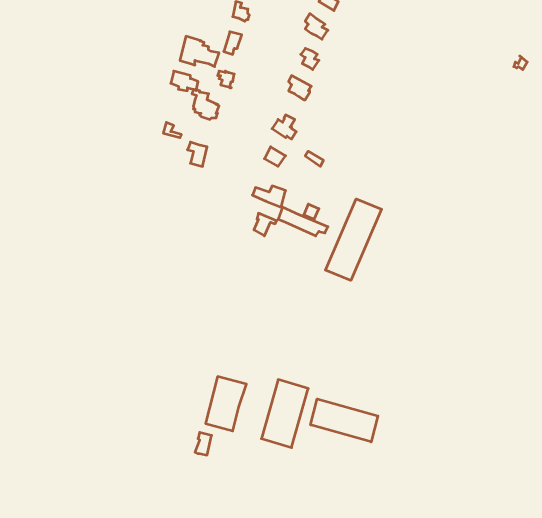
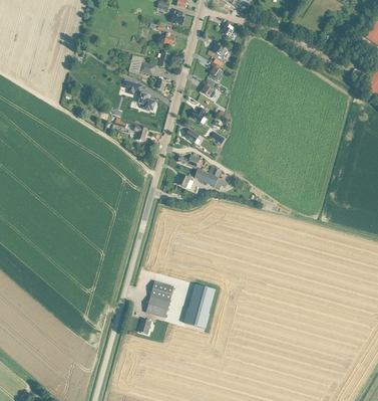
building: [325,199,382,280] -> none
building: [311,399,378,442] -> none

